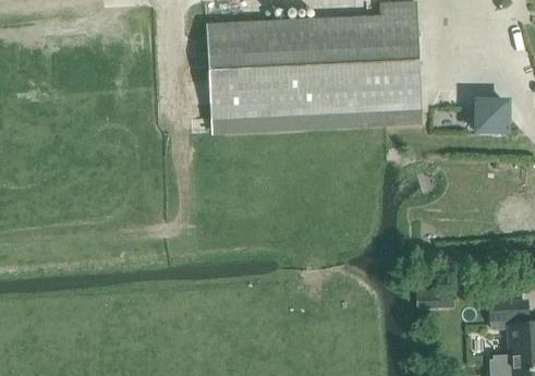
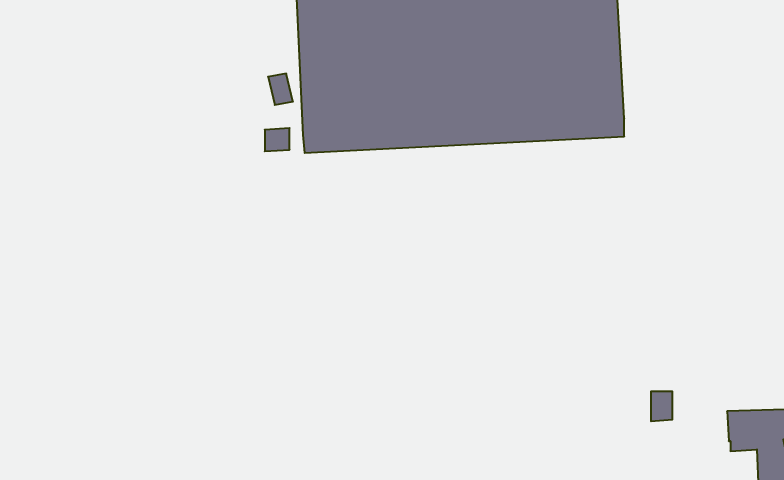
building: [475,101,508,129] -> none

